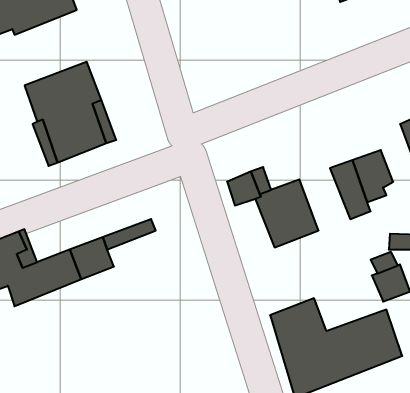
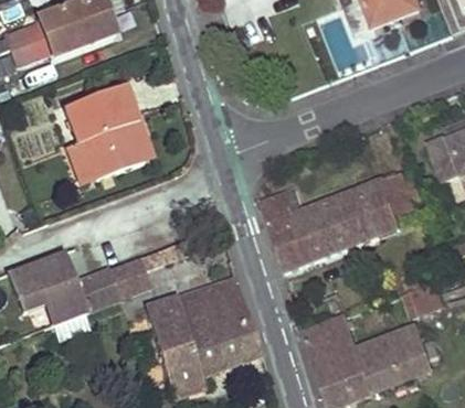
building: none -> [332,187,382,248]
building: none -> [270,217,308,272]
building: none -> [146,278,262,397]

